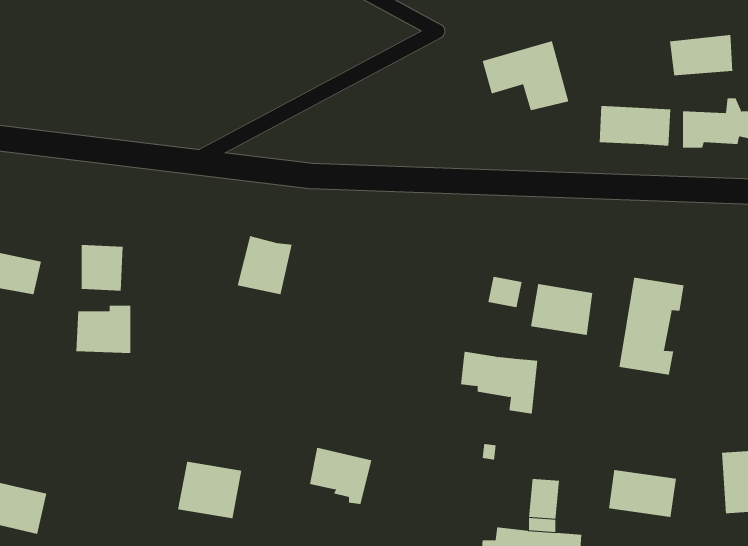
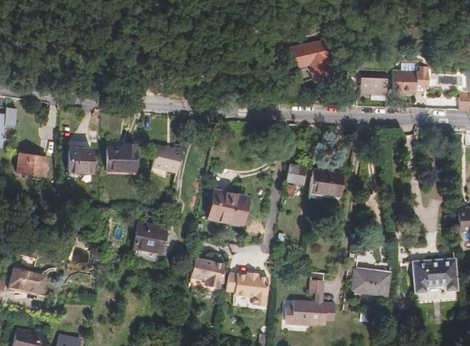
building: [670,34,733,76] -> none
building: [619,277,684,375] -> none
building: [76,305,131,353] -> [105,145,135,171]
building: none -> [210,190,247,223]
building: [460,351,538,414] -> [227,272,269,306]
building: [177,461,242,519] -> [132,222,167,253]

